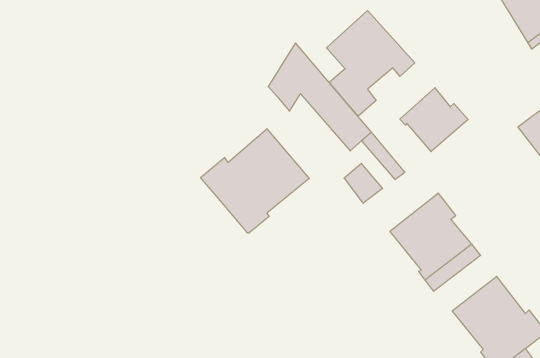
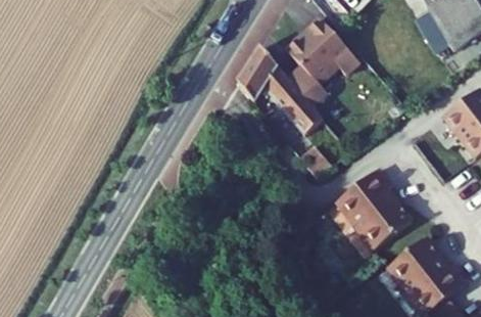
building: [400,88,468,152] -> none
building: [201,129,309,233] -> none

